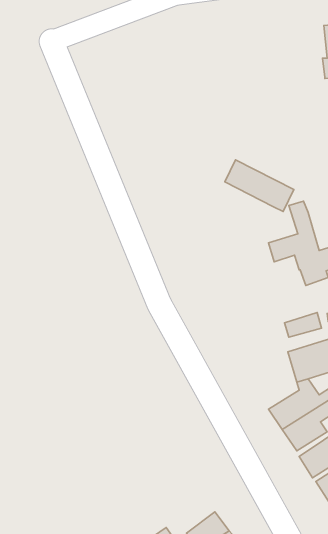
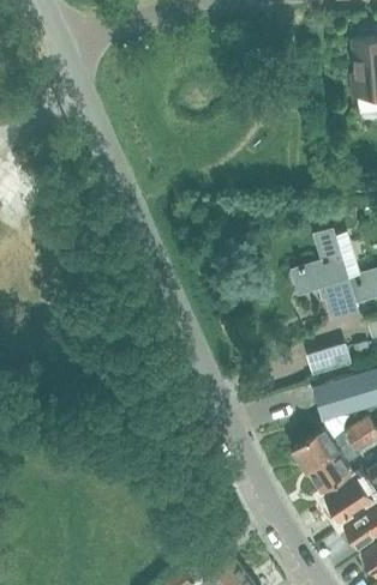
building: [225,160,294,211] -> none

